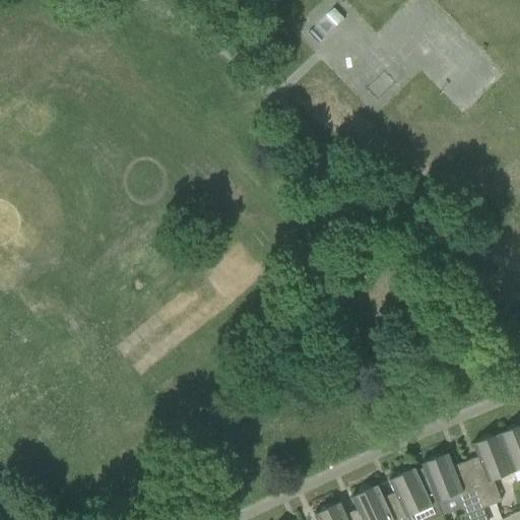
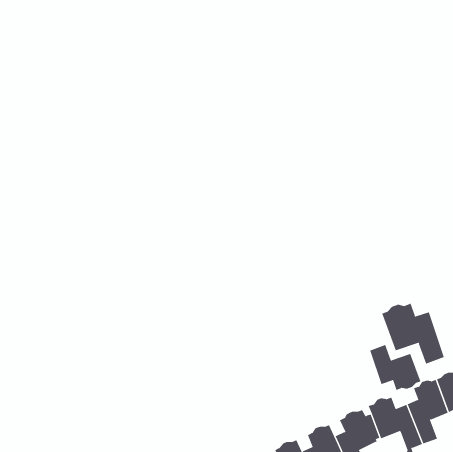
building: none -> [382,303,445,365]
building: none -> [370,344,421,391]

